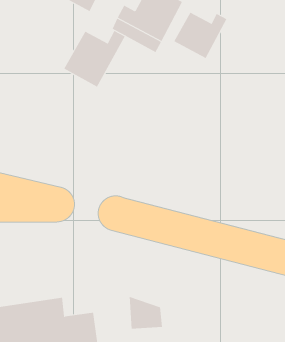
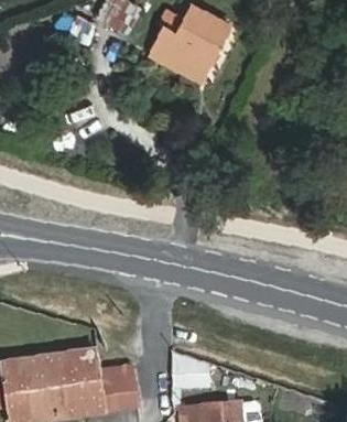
building: [174,12,227,59] -> none
building: [64,30,125,88] -> none

